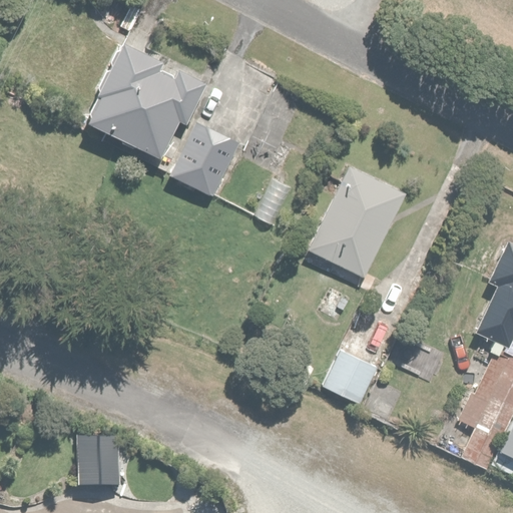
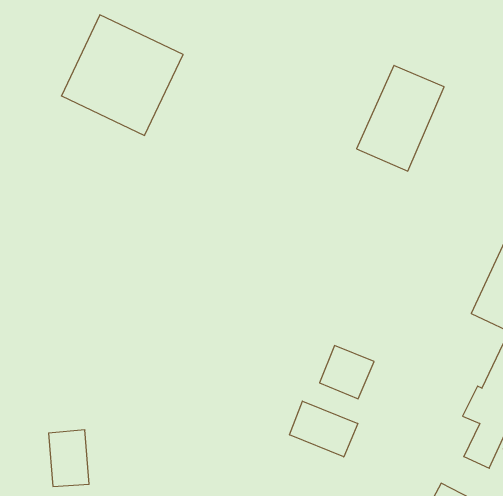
building: [170,125,244,203] -> none
building: [317,174,399,274] -> [357,65,444,171]
building: none -> [290,401,358,457]

